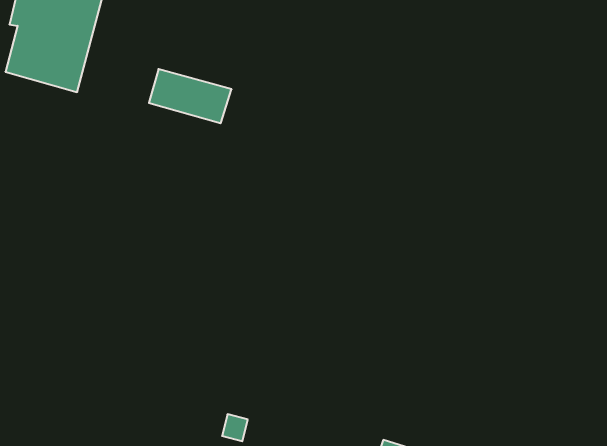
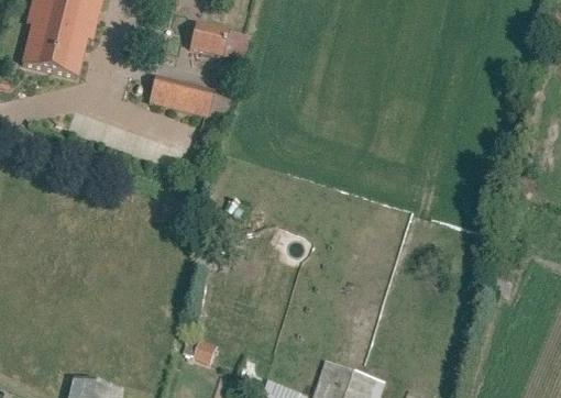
building: none -> [183,20,250,58]

